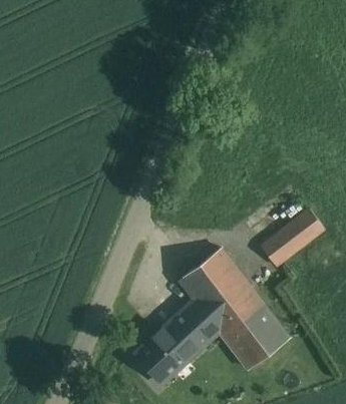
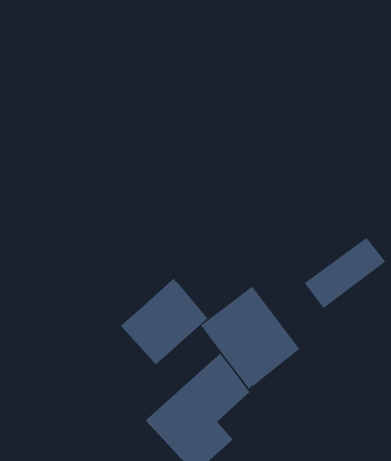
building: none -> [120,278,208,365]
building: [218,297,290,369] -> none

